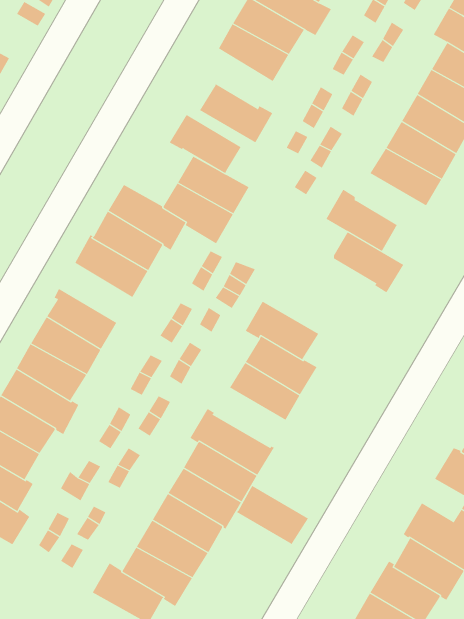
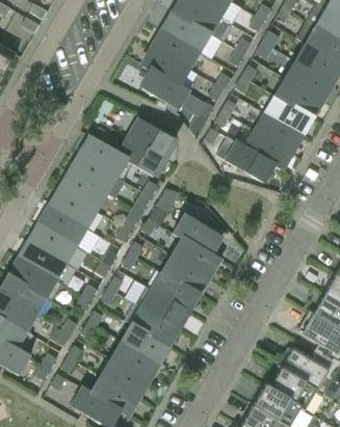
building: [169,114,241,174] -> [142,48,190,87]
building: [333,232,404,293] -> [244,130,291,170]
building: none -> [49,189,98,229]
building: [236,485,309,545] -> [151,271,199,311]

